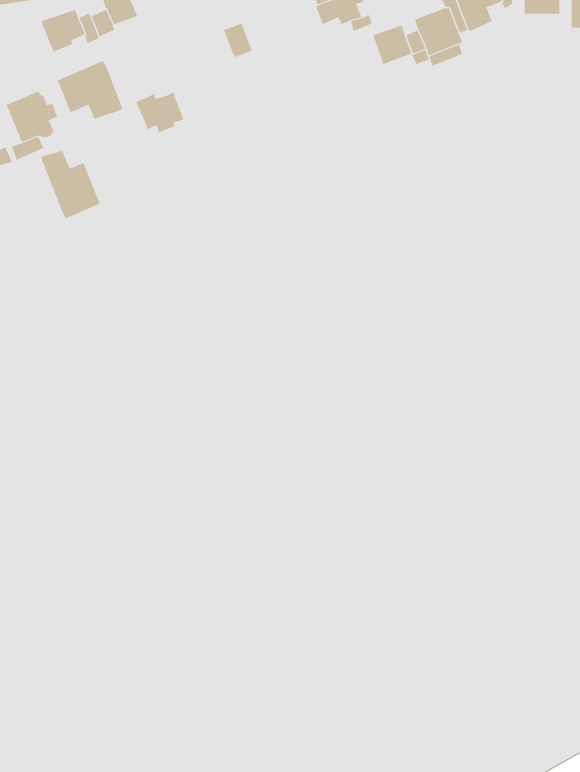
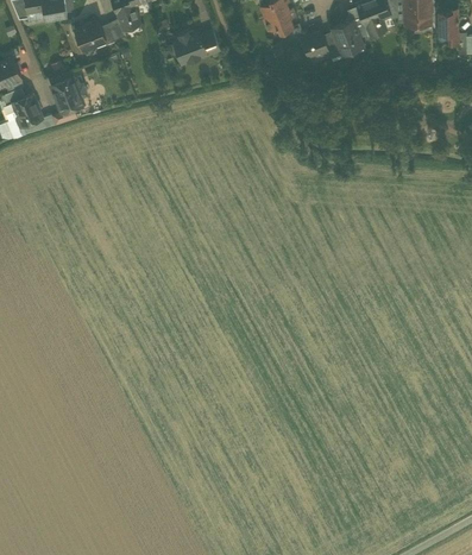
building: [57,60,123,120] -> none
building: [135,92,184,133] -> [171,31,204,59]
building: [41,150,101,219] -> none

